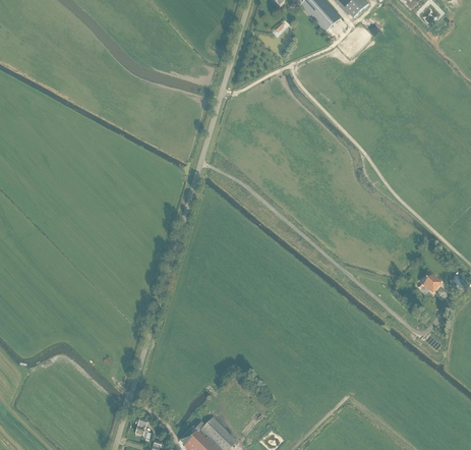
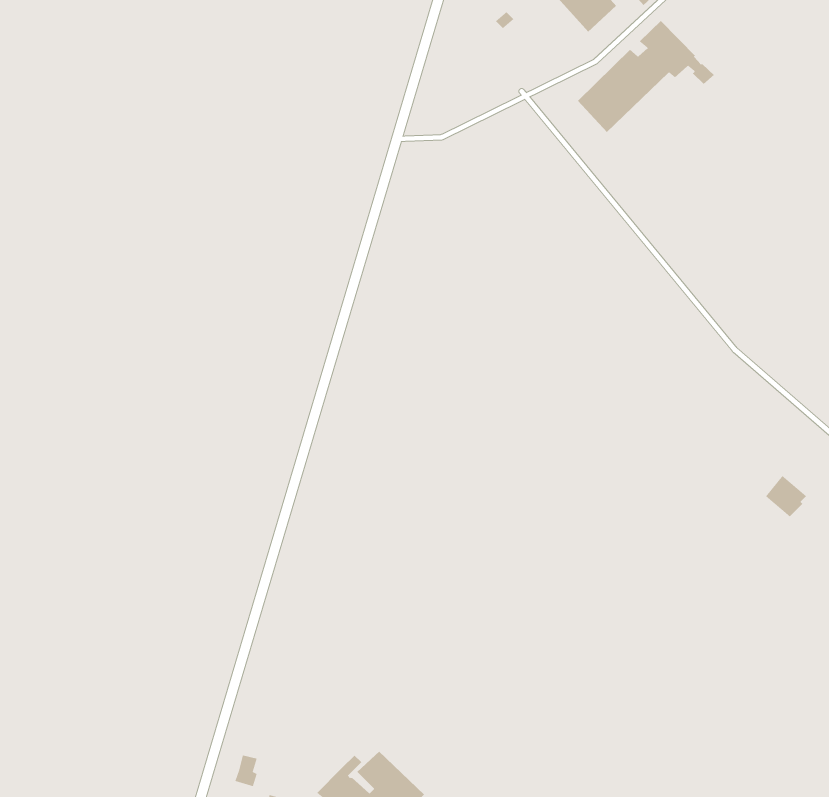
building: none -> [577,20,715,133]

